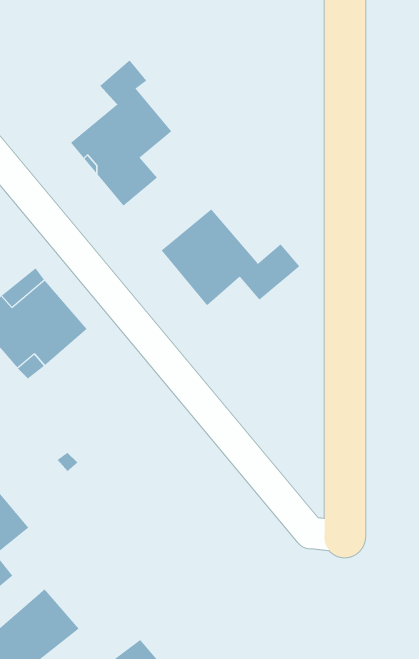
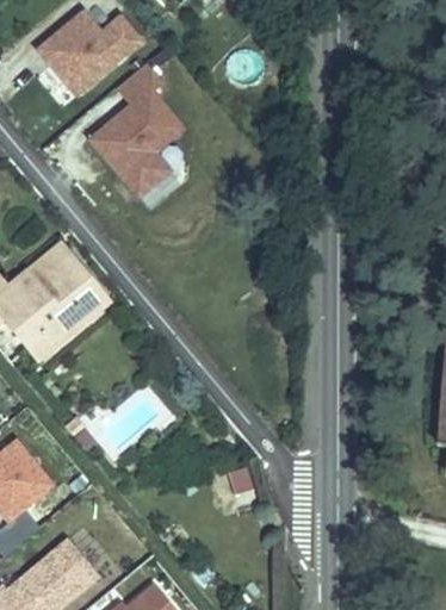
building: none -> [38,15,141,94]
building: [161,208,300,306] -> none

